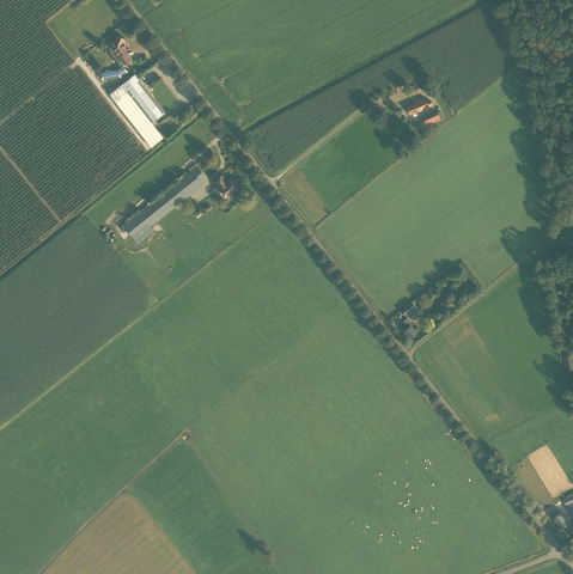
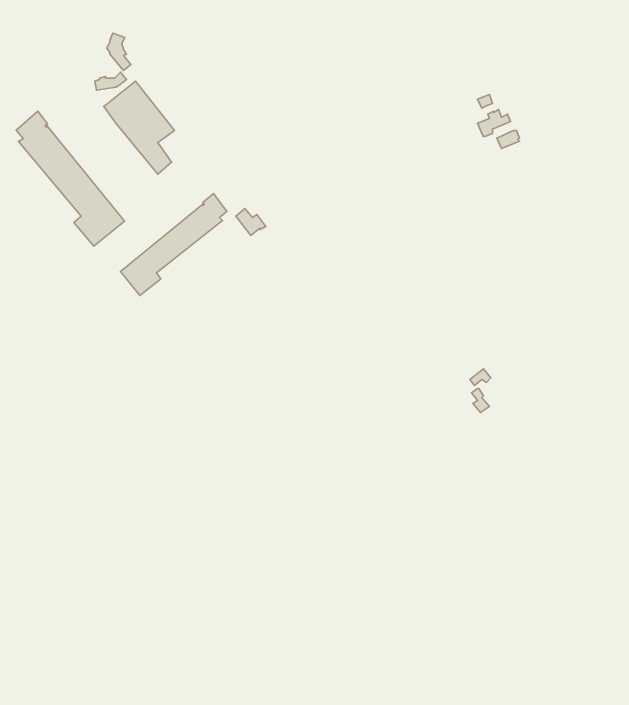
building: none -> [16,111,124,246]

